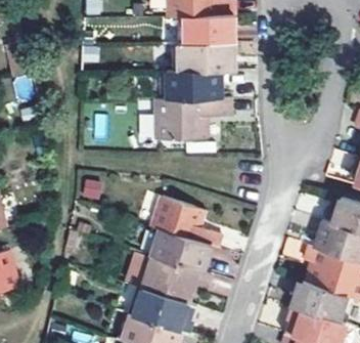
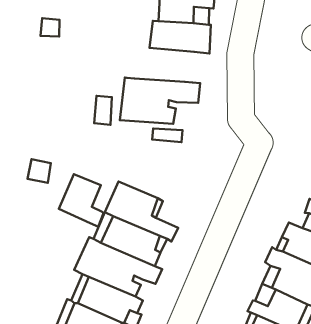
building: [166,69,221,98] -> none
building: none -> [59,174,103,227]

